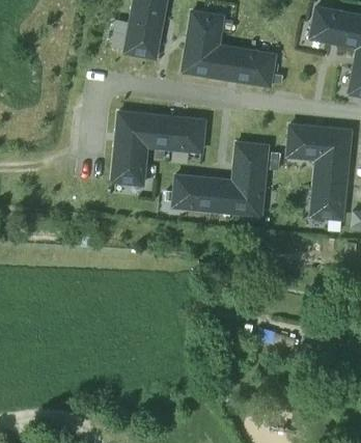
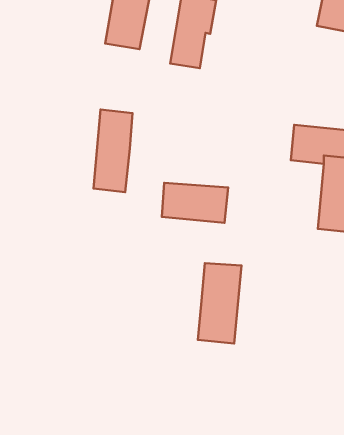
building: [207,45,275,87] -> none
building: [146,115,204,151] -> none
building: [229,144,268,215] -> [198,263,241,343]

